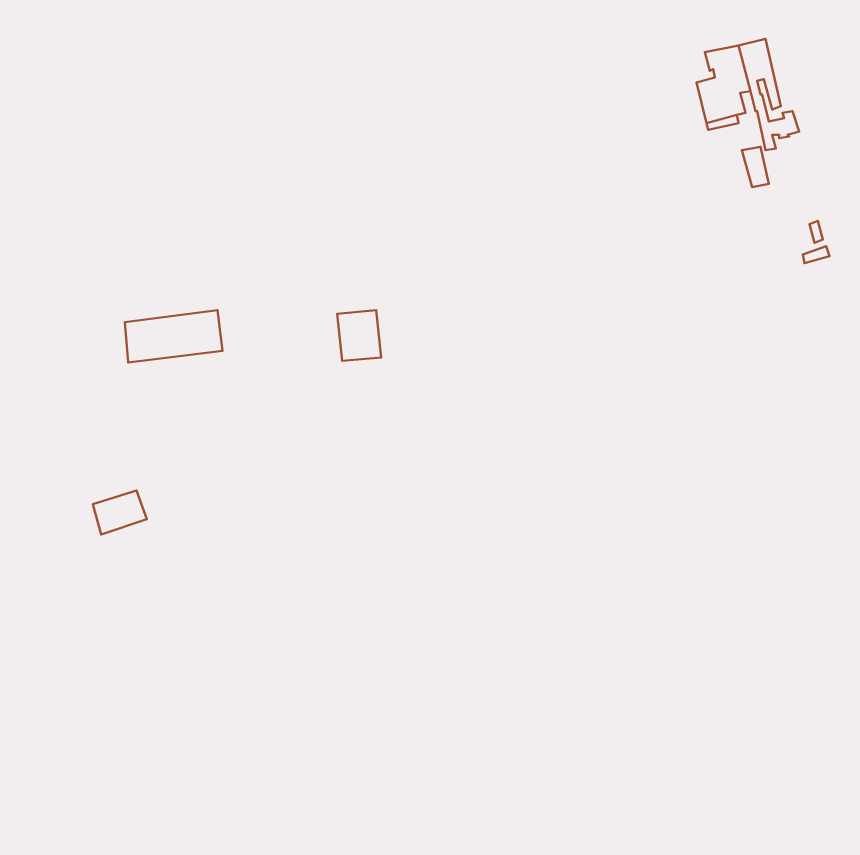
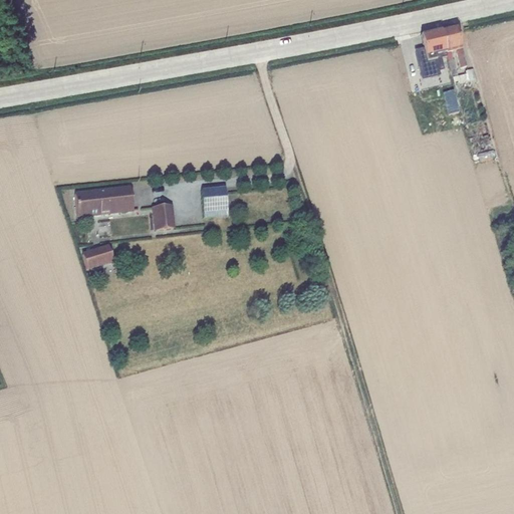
building: none -> [152,202,175,228]
building: [93,491,147,534] -> [82,242,114,268]

